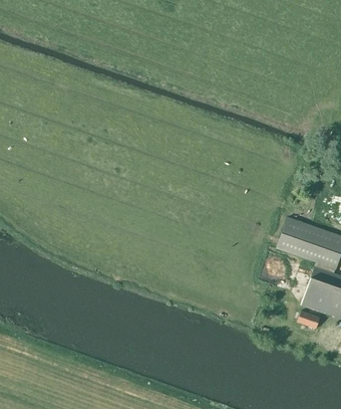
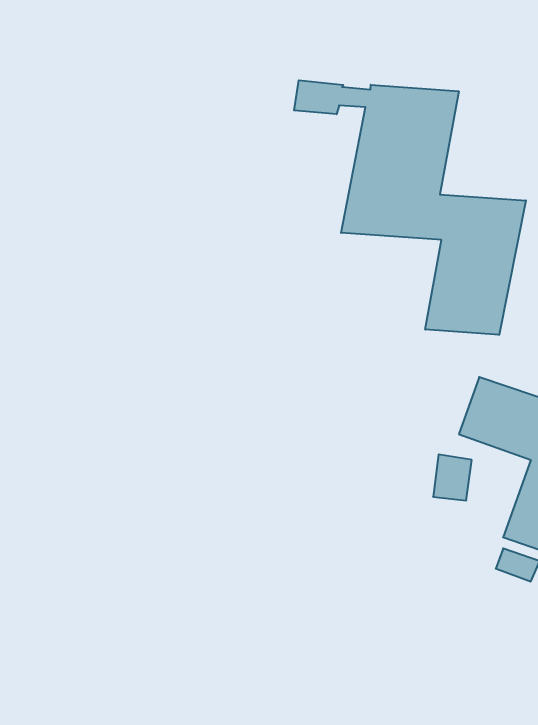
building: none -> [294,80,526,335]

